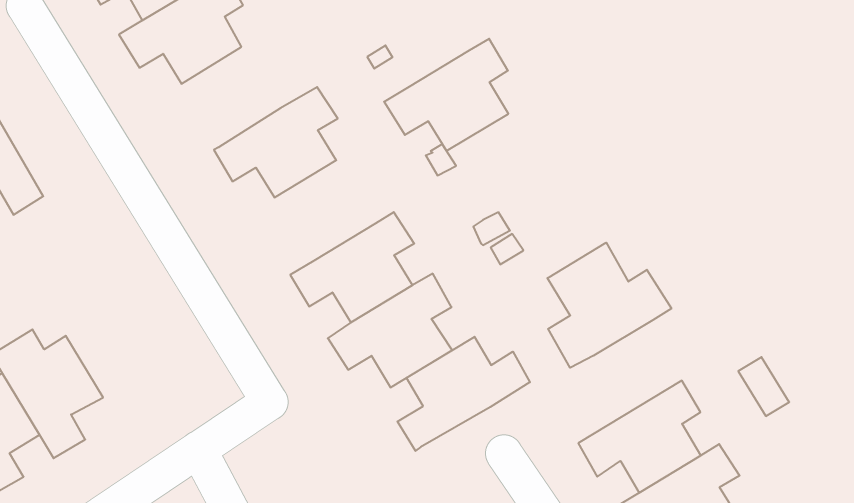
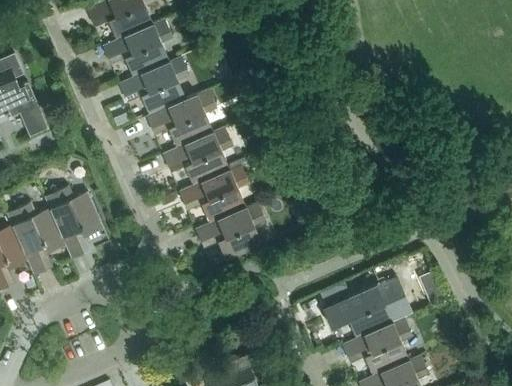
building: none -> [118,56,188,115]
building: [384,39,508,151] -> [161,126,232,185]
building: [547,243,671,368] -> none
building: none -> [44,186,102,259]
building: [397,337,530,451] -> none

